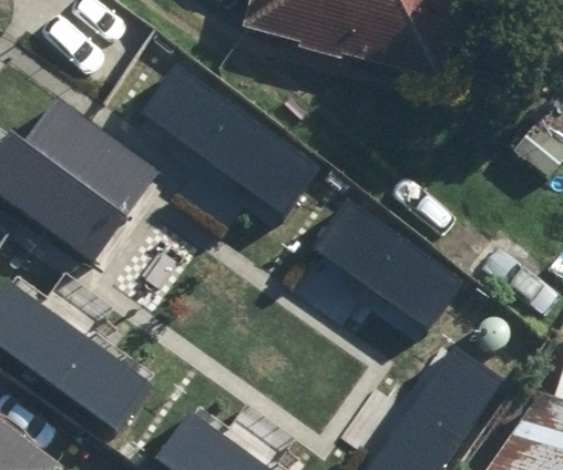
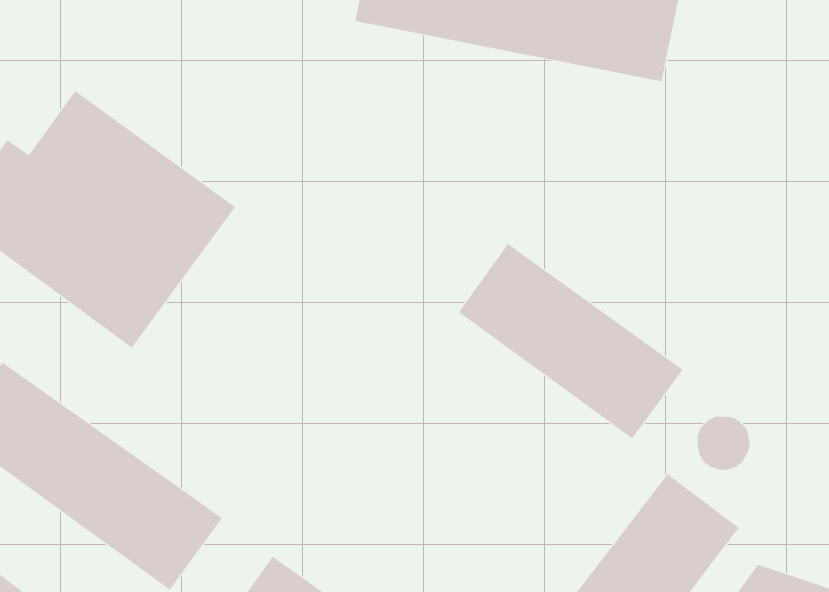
building: [135,62,318,217] -> none

